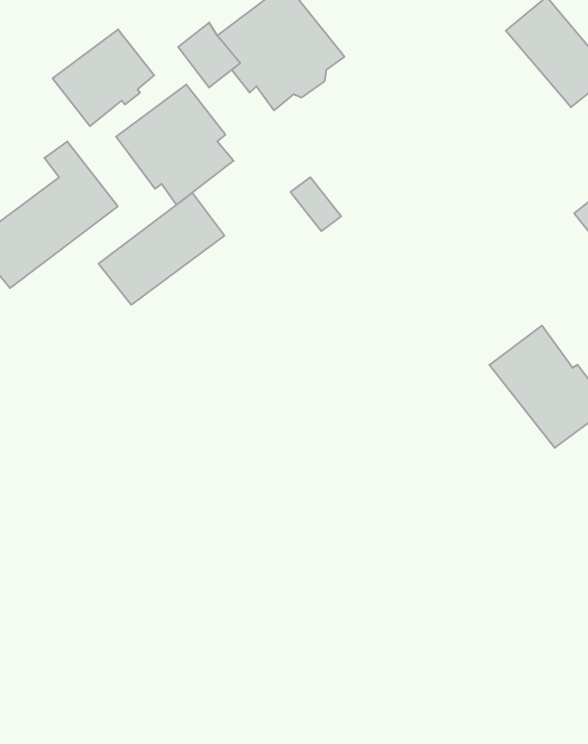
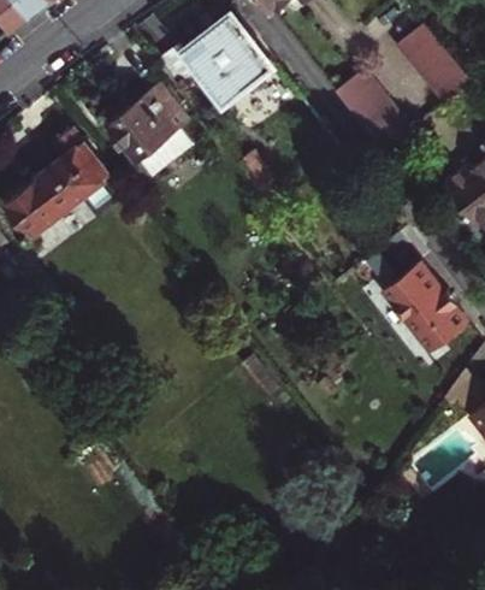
building: [53,29,154,126] -> none
building: none -> [333,71,408,152]
building: [99,193,224,305] -> none

